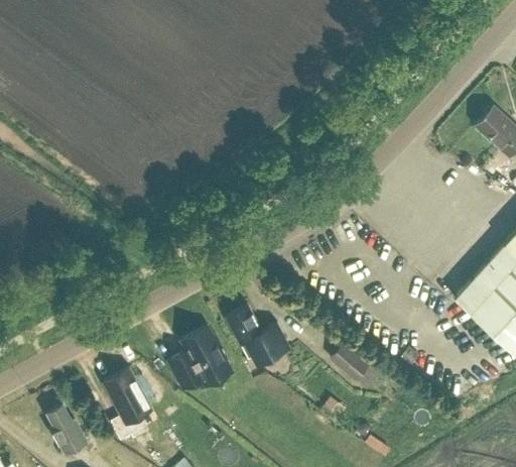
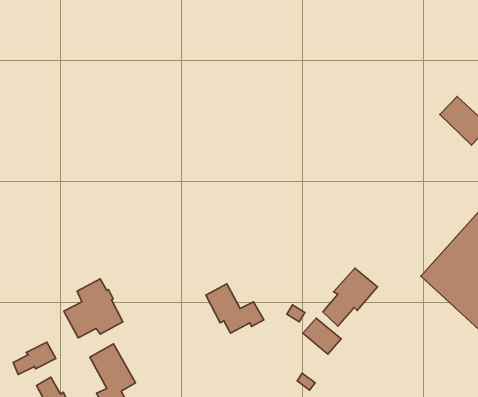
building: none -> [323,268,378,326]
building: [169,328,232,390] -> [64,279,123,338]
building: none -> [13,342,56,374]

